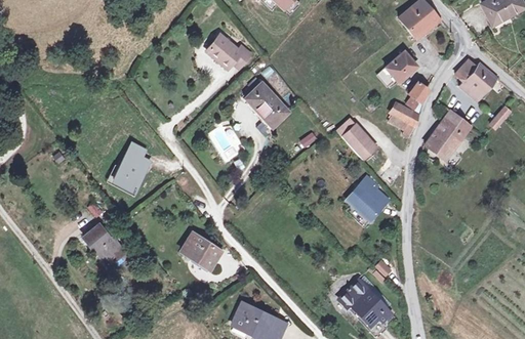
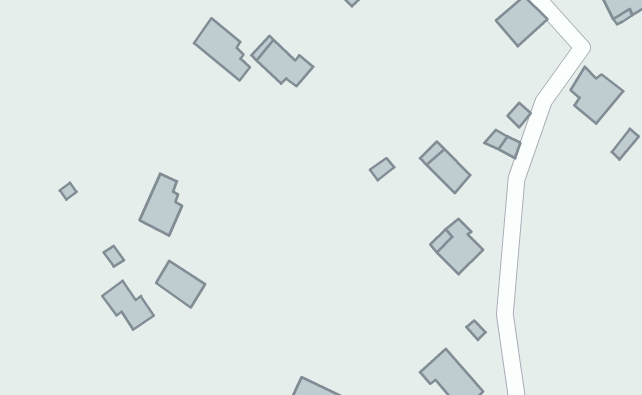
building: none -> [194,18,250,80]
building: [381,52,412,82] -> none
building: [246,85,287,129] -> none
building: [428,110,473,159] -> none
building: [181,234,220,270] -> [156,261,205,307]

